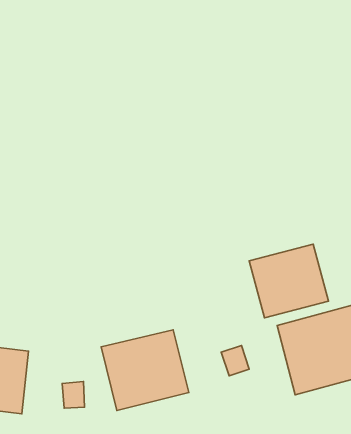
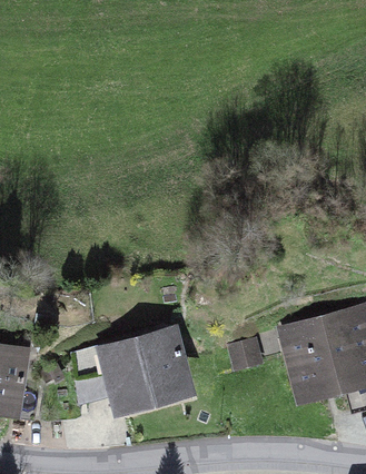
building: [249,244,329,318] -> none

